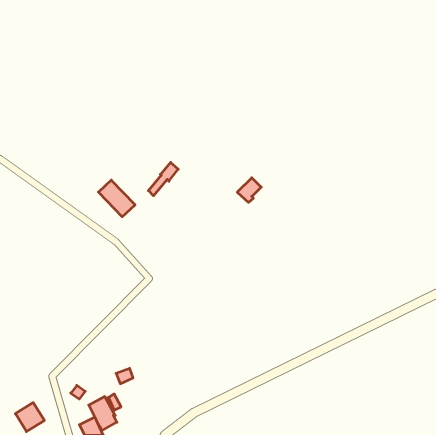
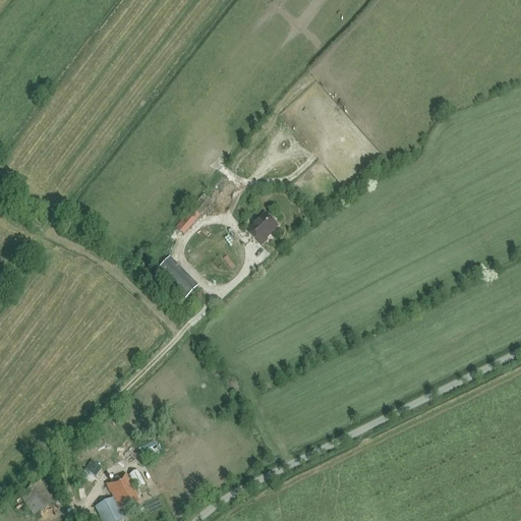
building: [237,178,261,202] -> [248,214,277,243]
building: [98,180,135,217] -> [155,254,198,298]

